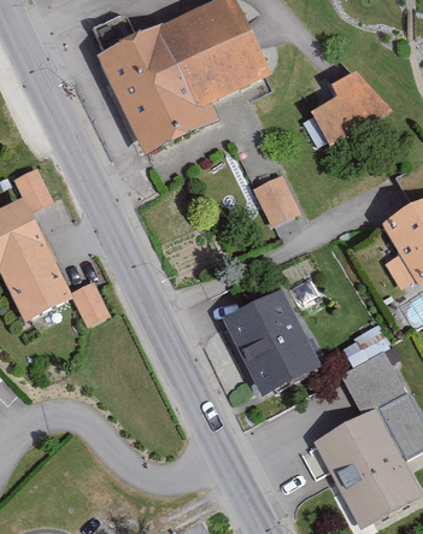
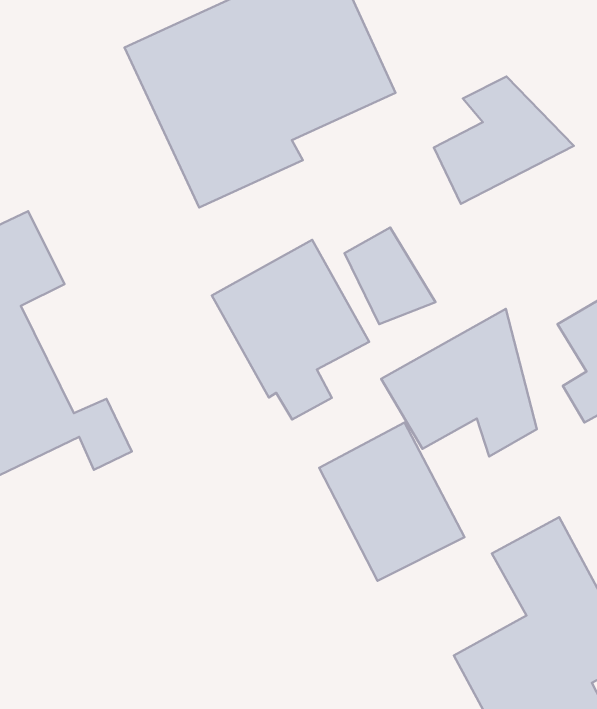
building: none -> [212,240,369,419]
building: none -> [381,309,537,457]

